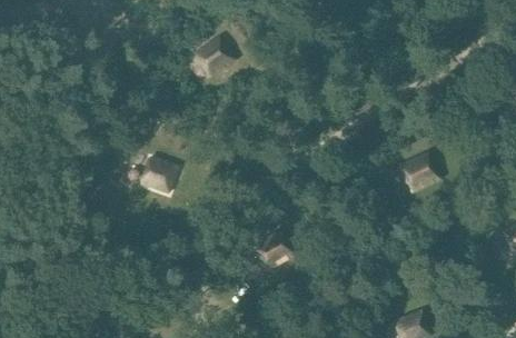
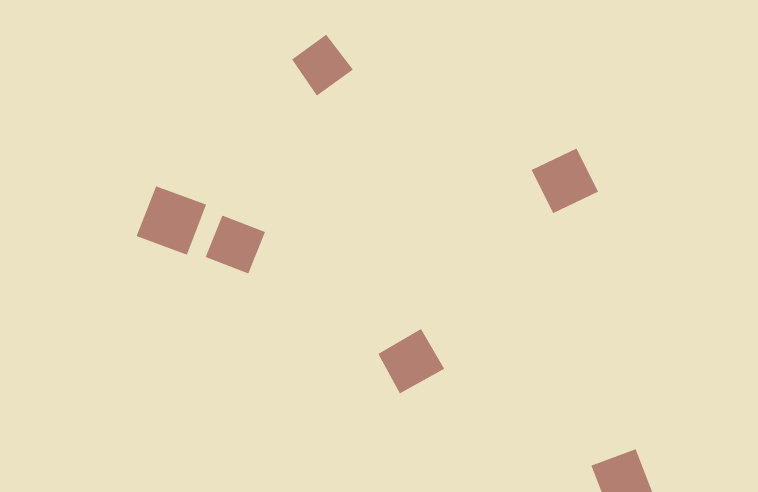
building: none -> [136,185,207,255]
building: [397,151,441,195] -> [531,148,599,214]

